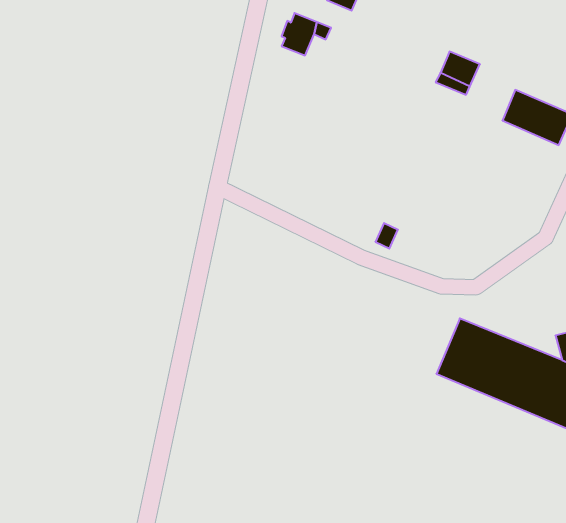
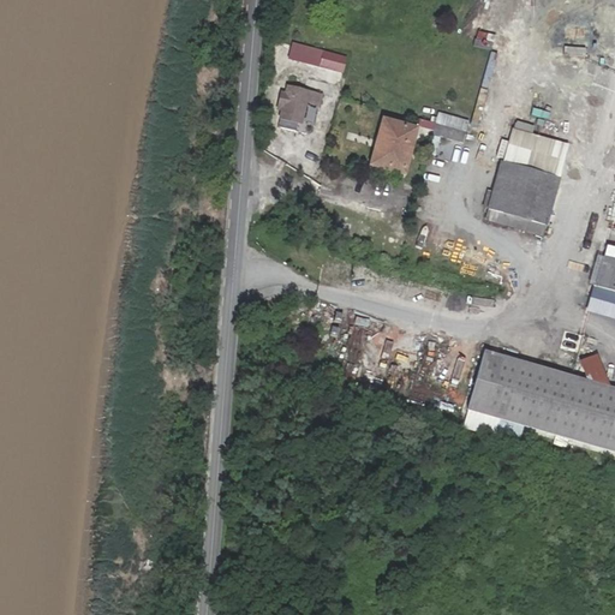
building: none -> [375,118,416,168]
building: none -> [485,157,560,234]

